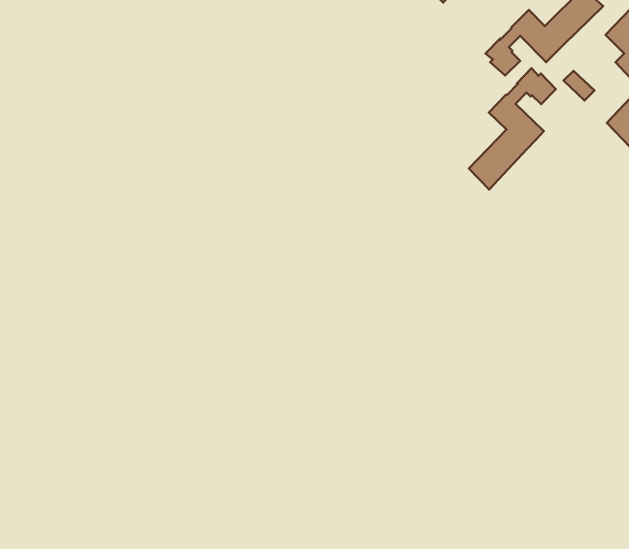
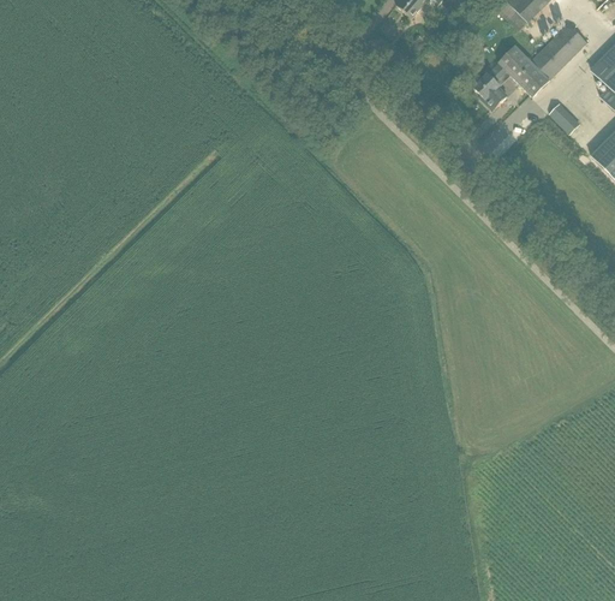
building: [469,68,556,190] -> none

